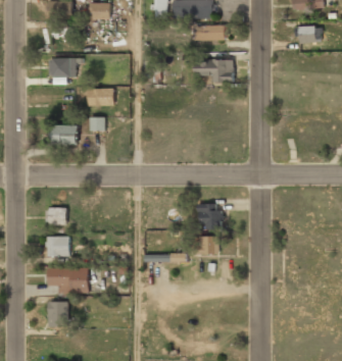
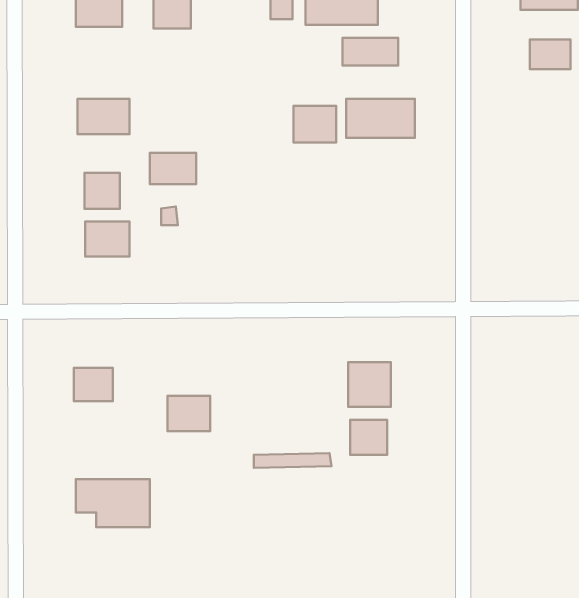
building: none -> [293,106,336,143]
building: none -> [85,173,120,209]
building: [46,237,69,256] -> [168,396,210,431]
building: [48,302,67,327] -> none

